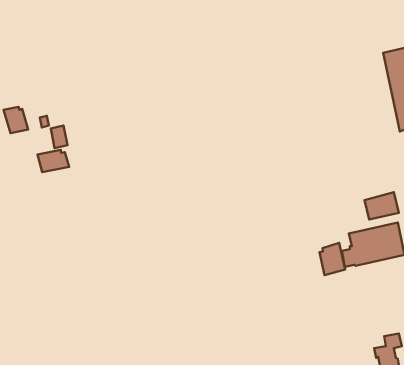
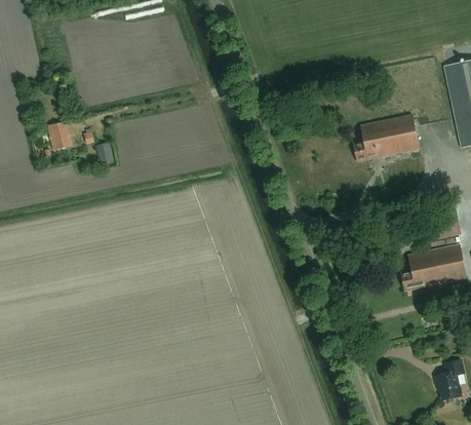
building: none -> [353,114,420,160]
building: [37,150,69,172] -> none
building: [319,243,345,275] -> none

